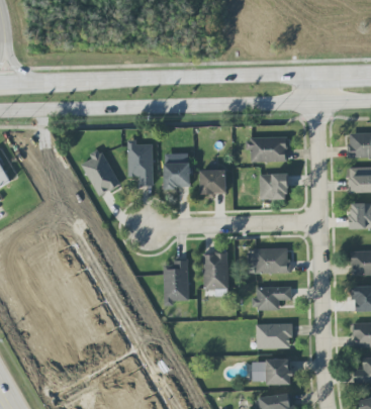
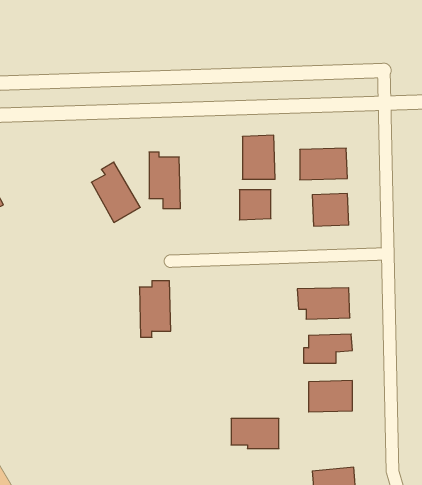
building: [164,152,190,188] -> [242,135,275,179]
building: [203,252,227,289] -> none
building: [163,260,188,305] -> [139,281,171,337]
building: [252,360,290,384] -> [231,419,279,449]

